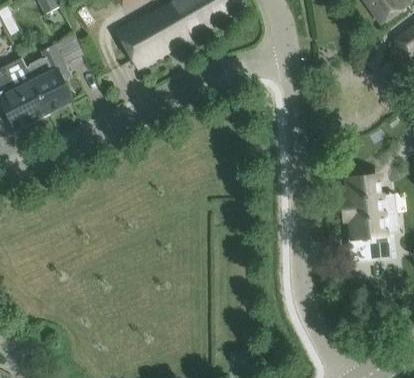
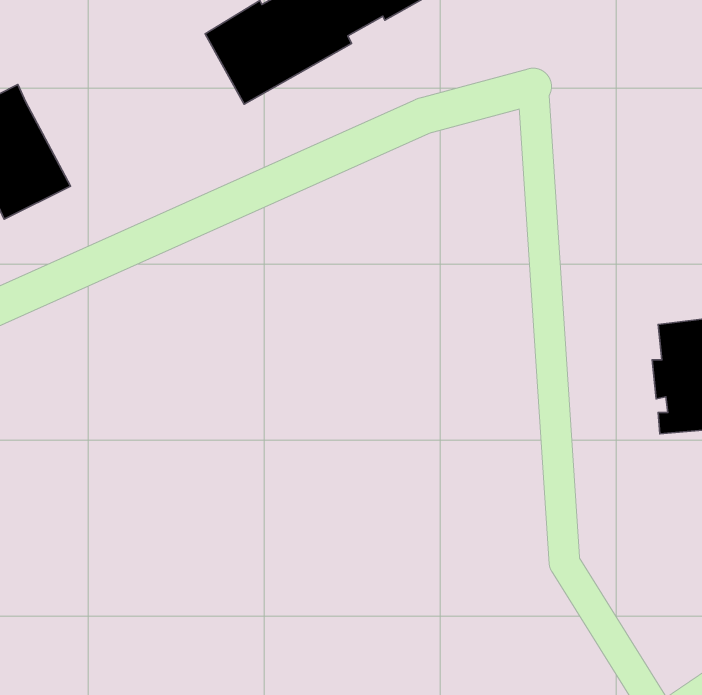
building: [25,38,83,110] -> none

